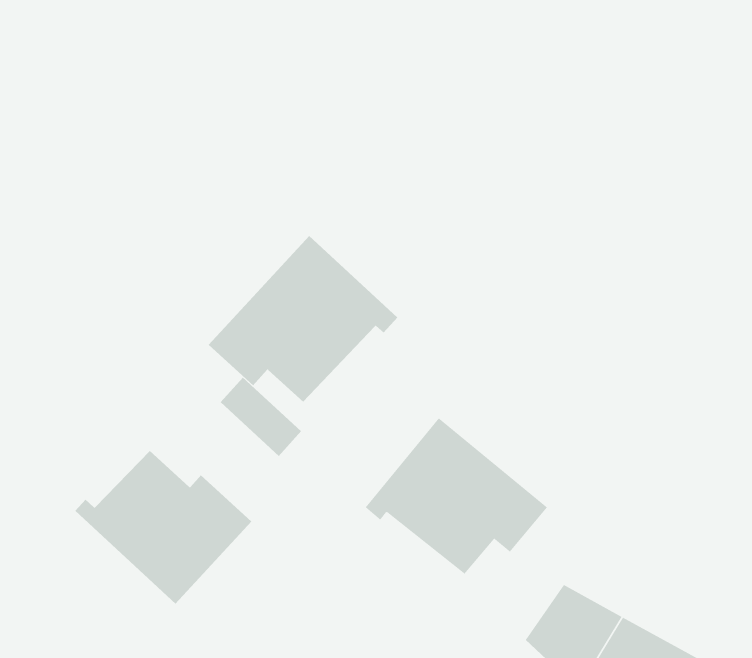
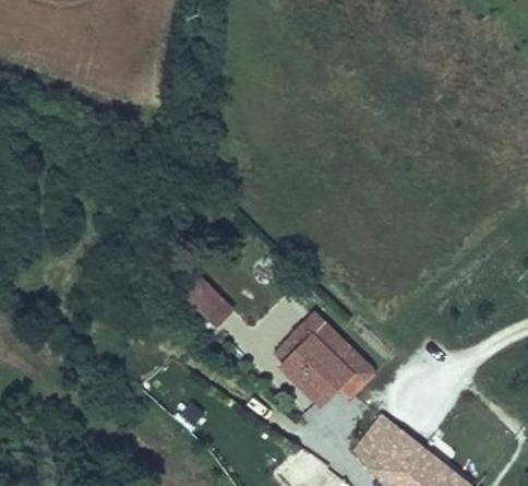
building: [208,235,398,402] -> none
building: [75,450,252,604] -> none

